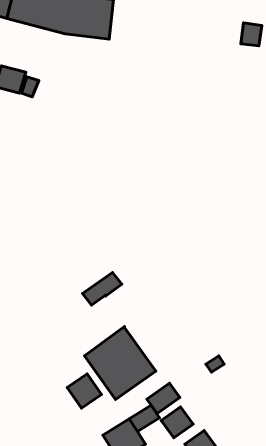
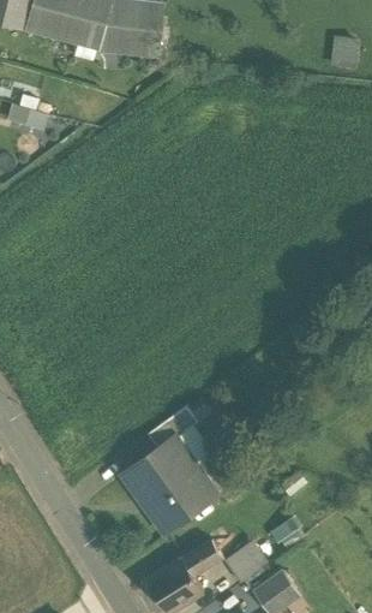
building: [83,272,122,305] -> [148,405,199,448]
building: [67,374,102,408] -> none
building: [147,383,180,413] -> none

